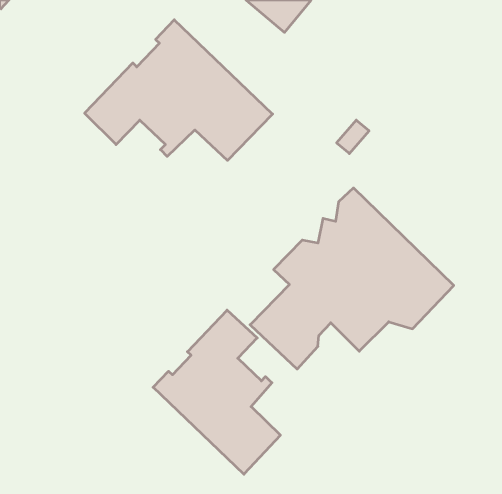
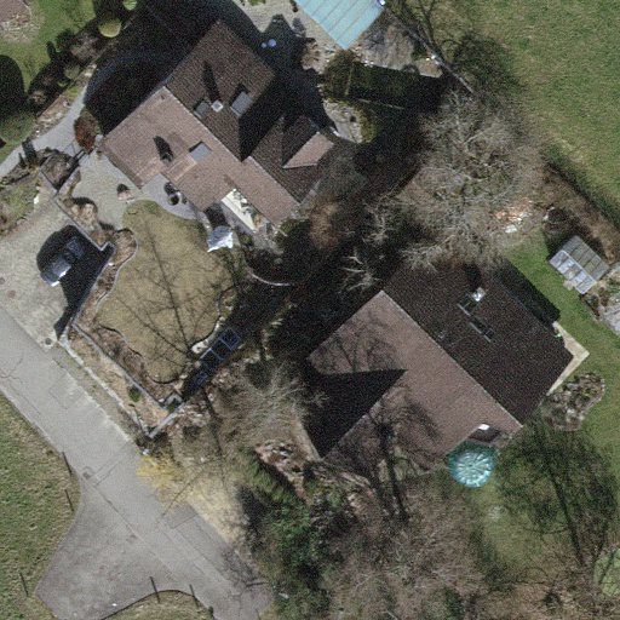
building: [153,310,280,474] -> none

